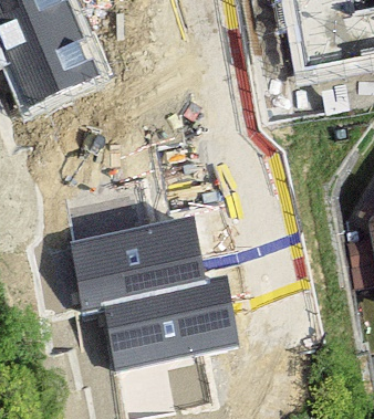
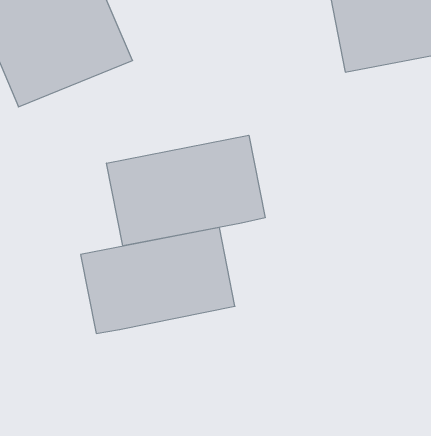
building: none -> [107,135,265,246]
building: [104,279,239,369] -> none

